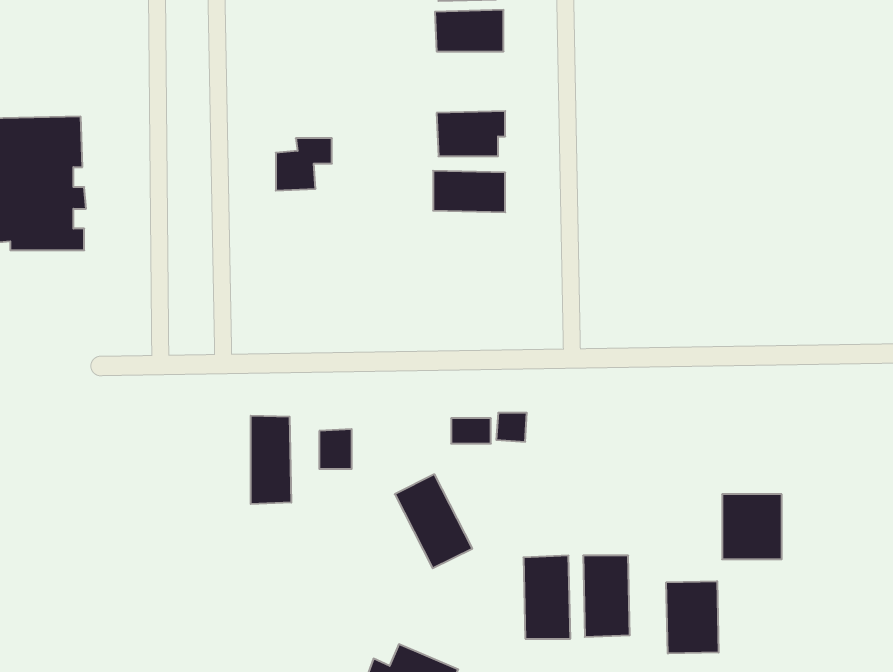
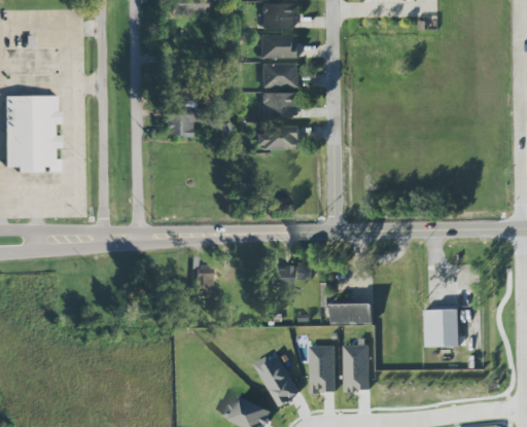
building: none -> [260,63,300,87]
building: [251,416,291,504] -> none
building: [395,474,472,568] -> [256,352,301,405]
building: none -> [331,303,374,324]
building: [666,581,719,654] -> none

